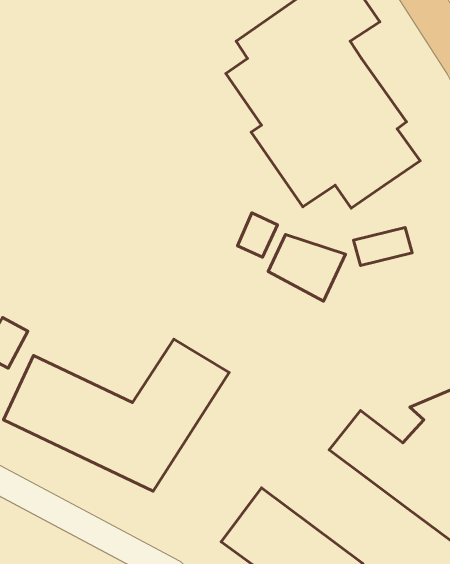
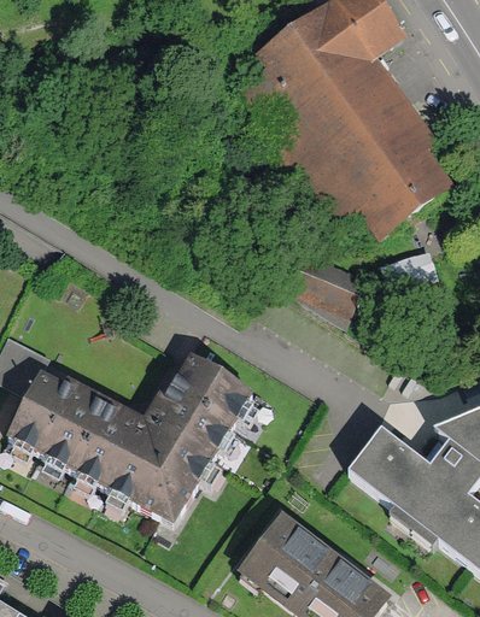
building: [238,213,278,257] -> none

